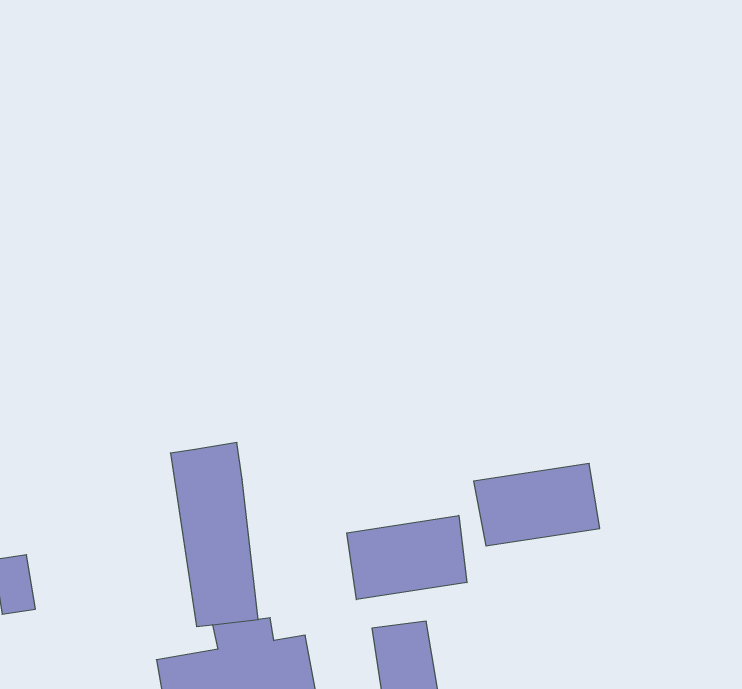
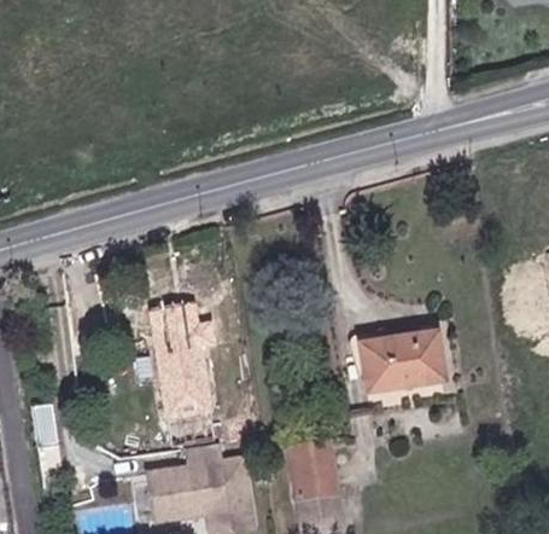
building: [347,515,467,600] -> none

